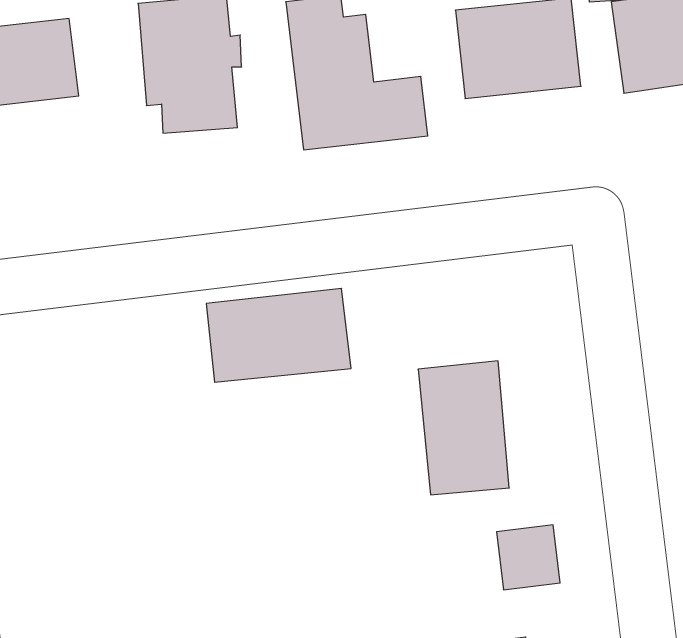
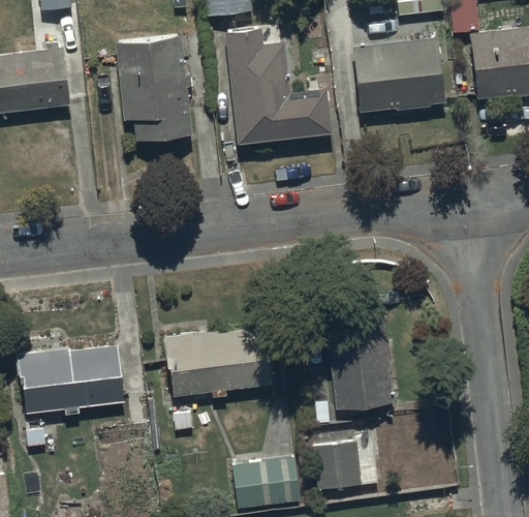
building: [206,288,351,382] -> [164,325,273,395]
building: none -> [18,342,125,413]
building: [497,525,560,590] -> [313,440,361,489]
building: none -> [232,455,301,508]

